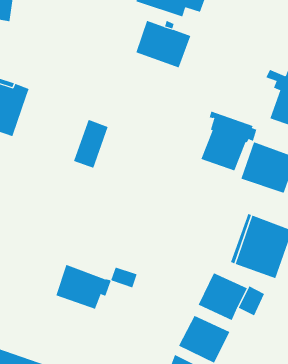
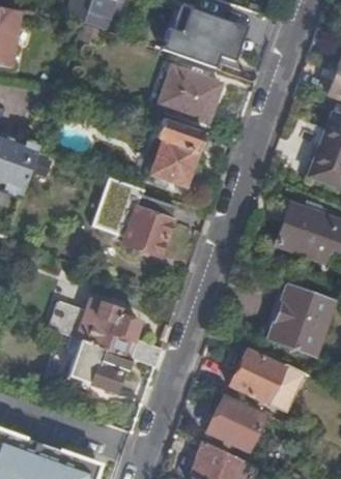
building: [201,111,257,171] -> [147,117,210,184]
building: none -> [125,193,177,256]
building: none -> [51,298,141,356]

